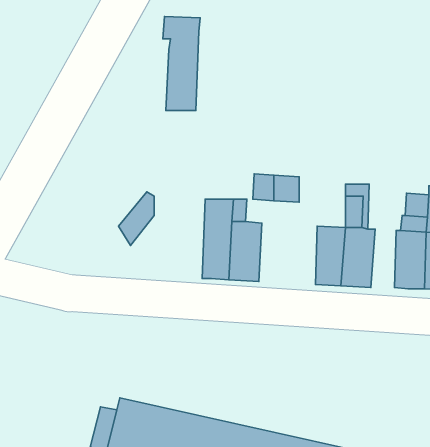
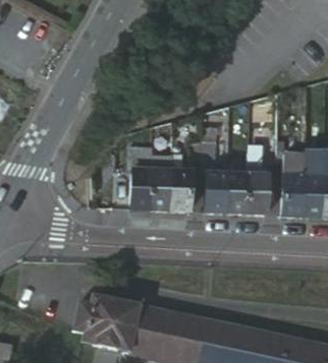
building: [163,17,200,111] -> [127,149,153,214]
building: none -> [204,177,228,218]

